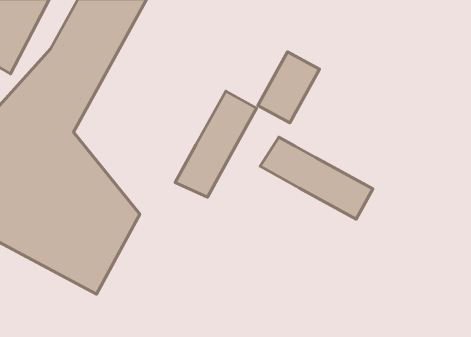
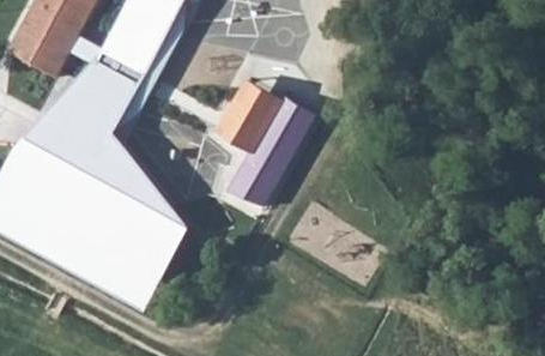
building: [258,52,320,123] -> [214,79,279,153]
building: [260,137,373,219] -> none

